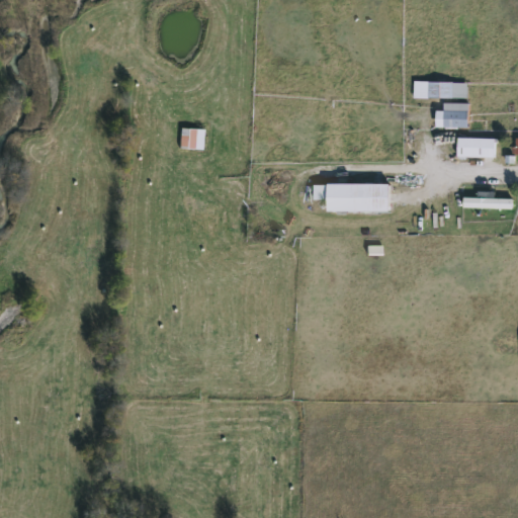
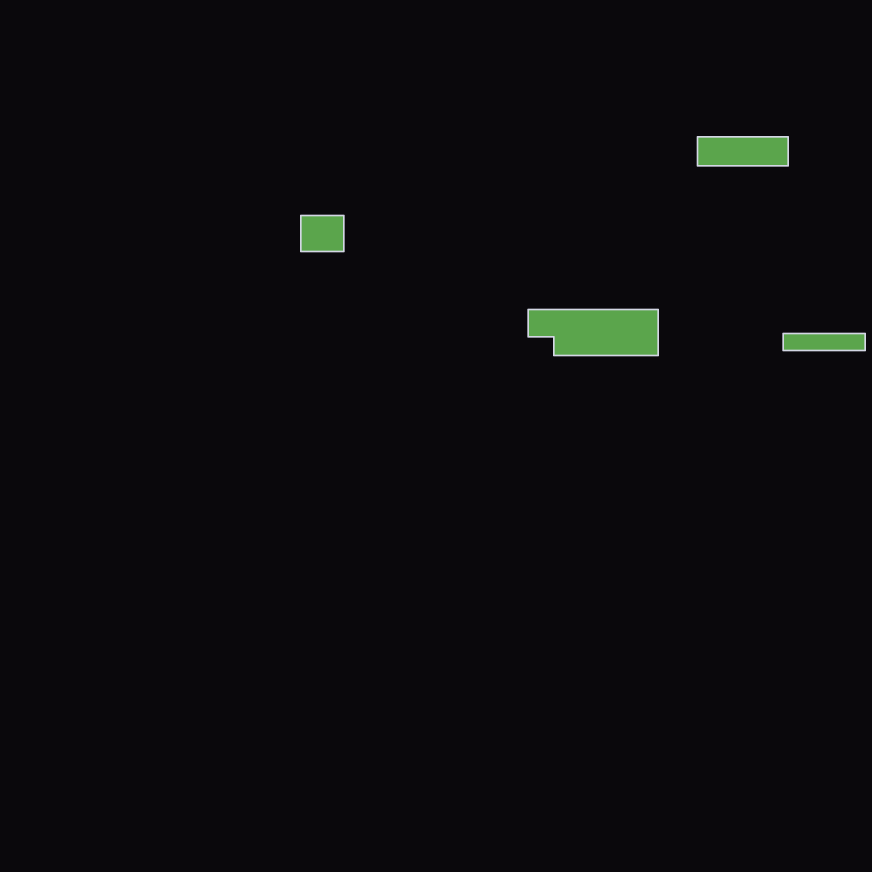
building: [436,102,467,126] -> none
building: [456,137,495,157] -> none

